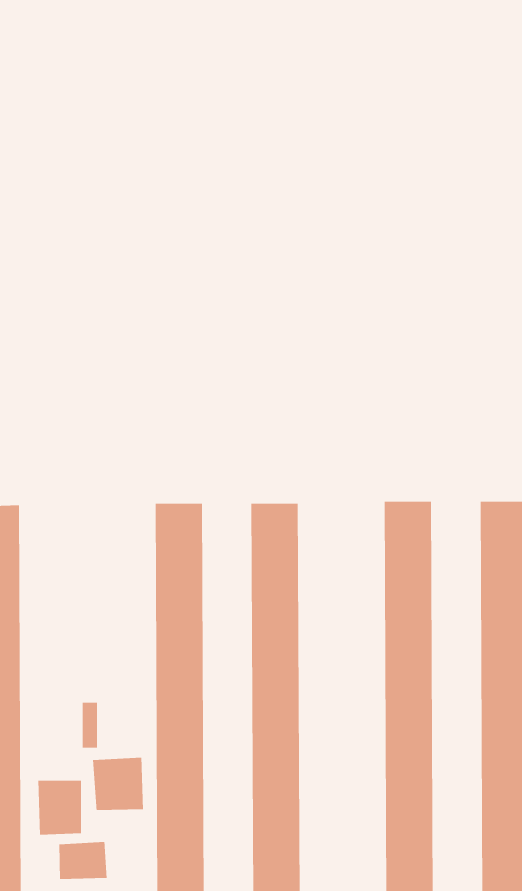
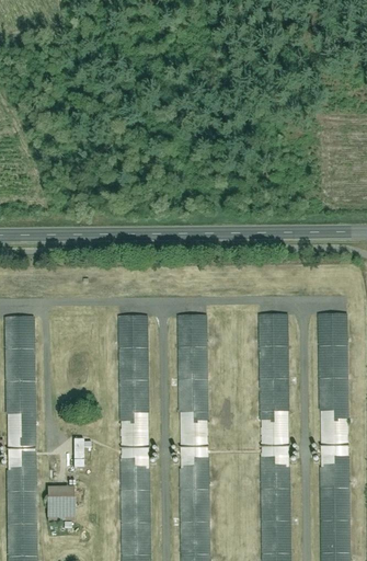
building: [92,757,143,811] -> none
building: [59,841,107,880] -> none

